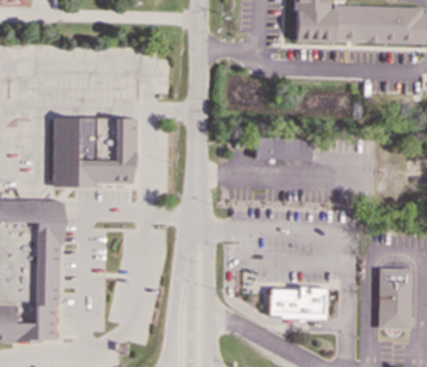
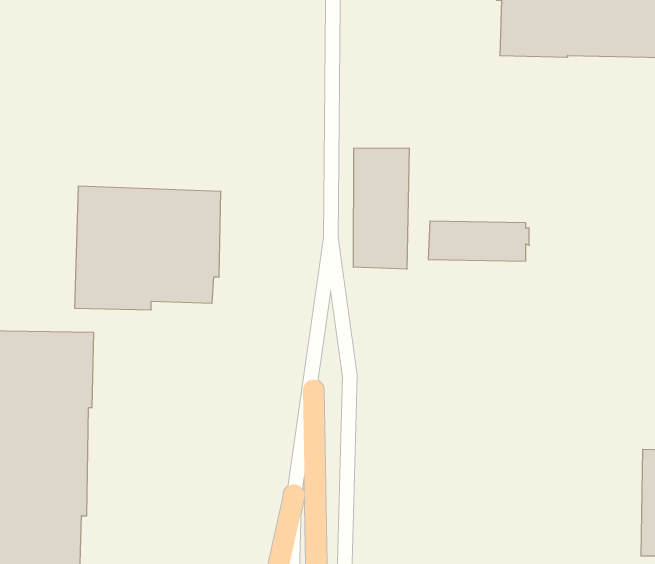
building: none -> [353,148,409,269]
building: [268,286,326,319] -> none

